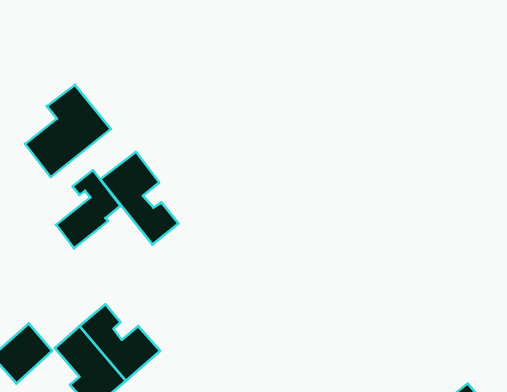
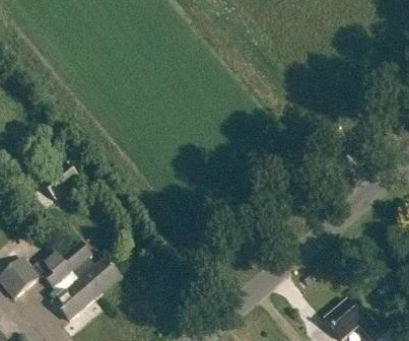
building: [25,85,111,177] -> none
building: [100,152,178,245] -> none

